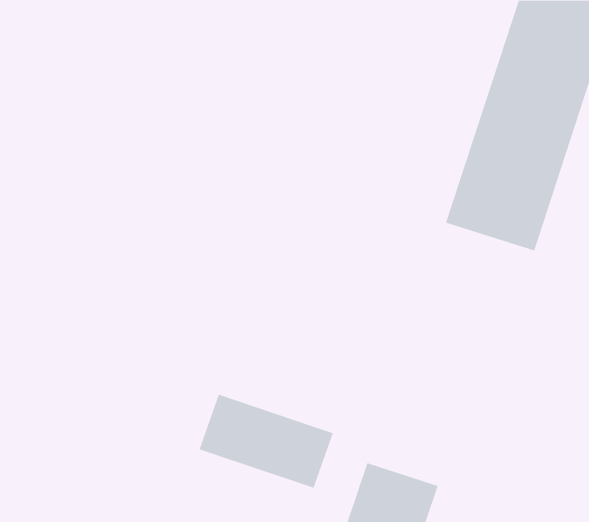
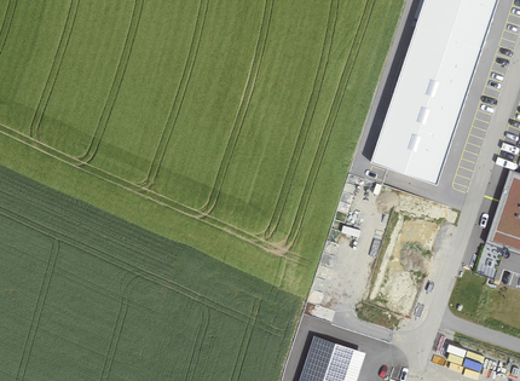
building: [199,394,333,489] -> none

